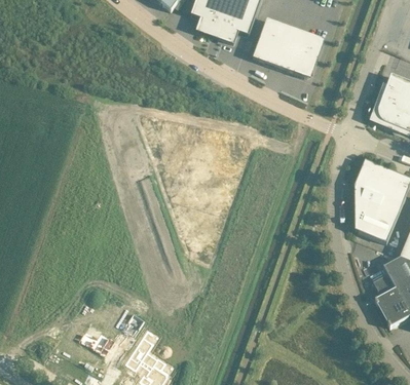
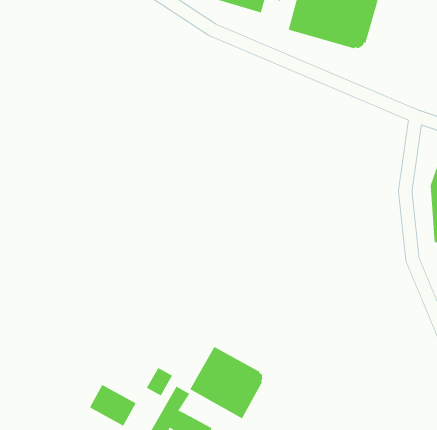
building: none -> [189,346,263,419]

